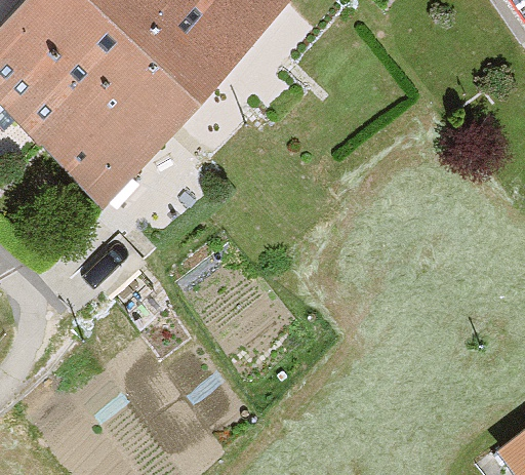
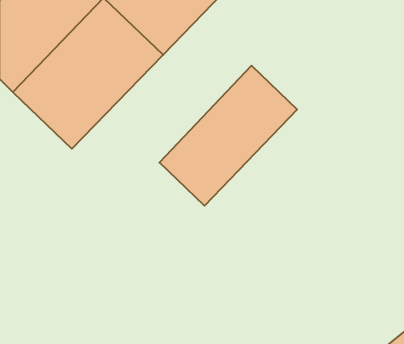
building: none -> [159,66,297,206]

